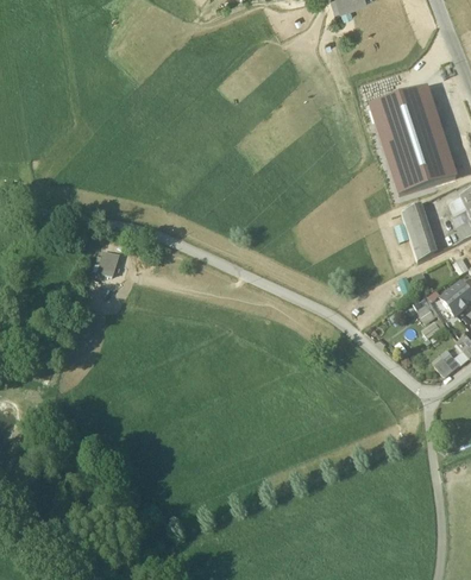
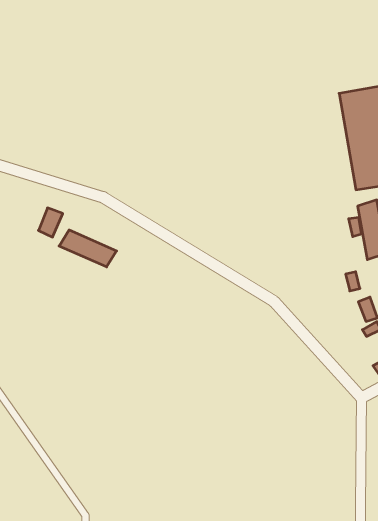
building: none -> [59,230,117,267]

